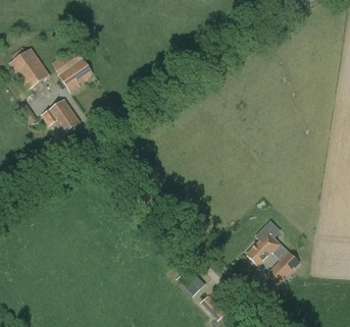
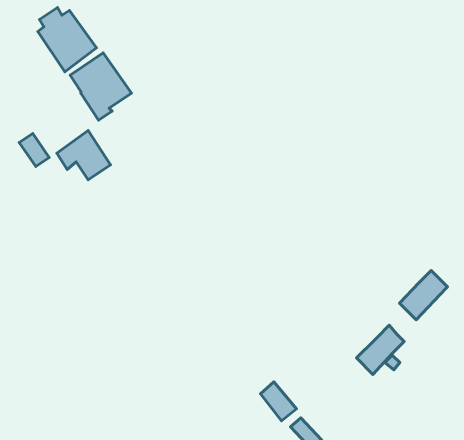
building: [9,45,49,89] -> [38,8,96,72]
building: [266,250,299,283] -> [400,270,448,320]

